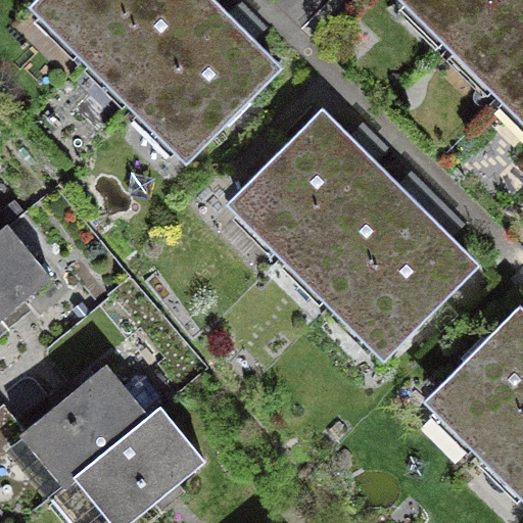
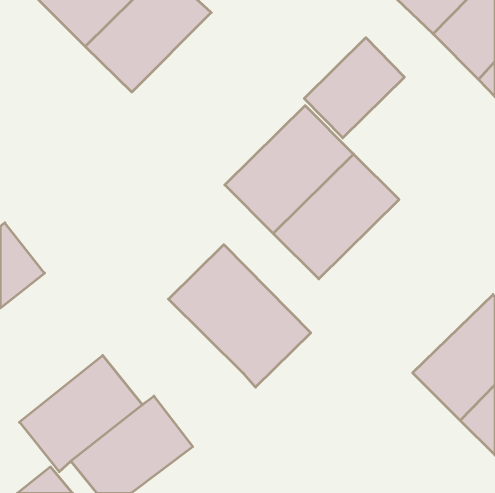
building: [139,13,274,148] -> none
building: none -> [304,38,404,138]
building: [336,210,471,345] -> none
building: none -> [168,245,311,387]

